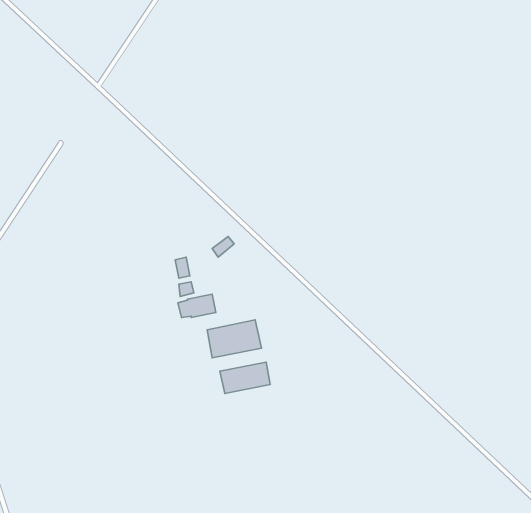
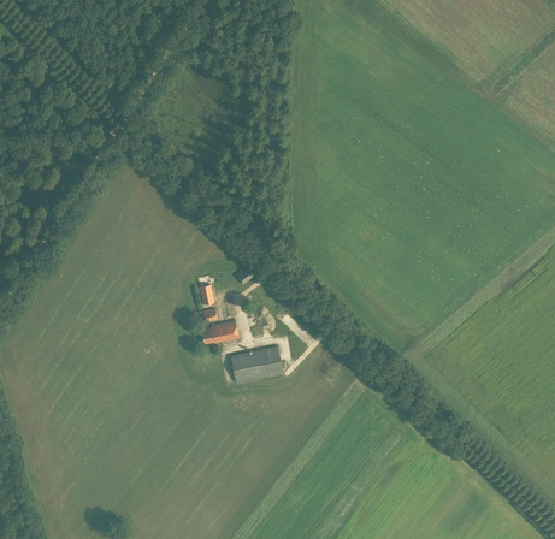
building: [220,362,270,393] -> none

